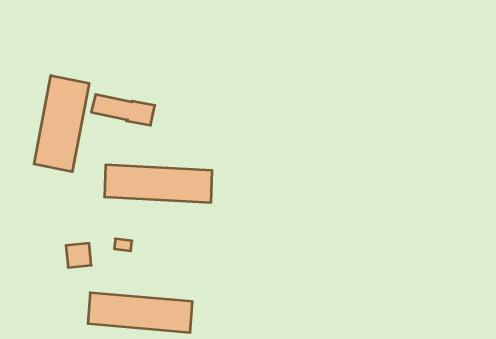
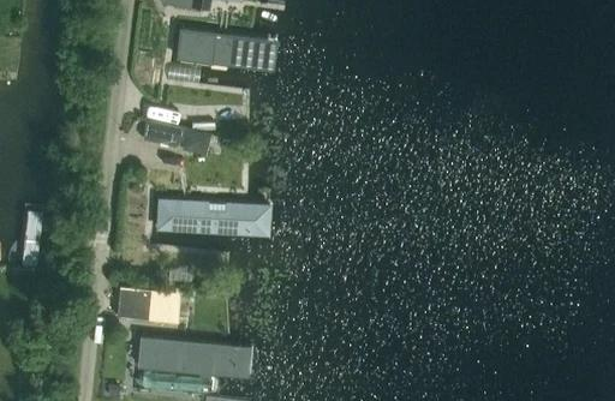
building: none -> [178,26,279,74]
building: [34,75,89,172] -> none

